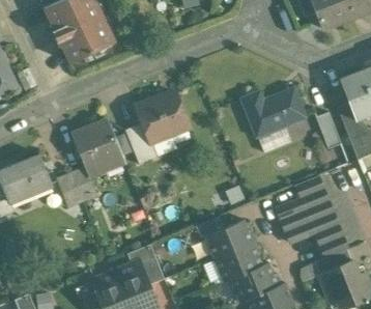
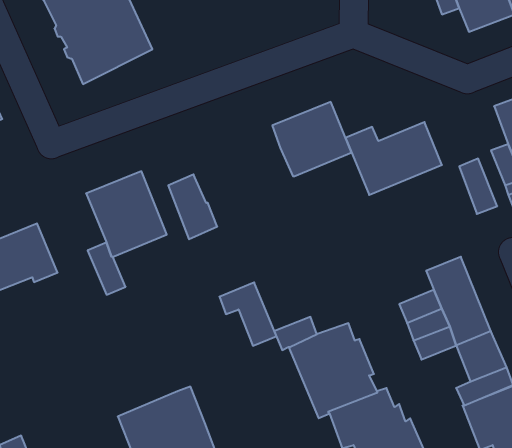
building: [137,92,189,141] -> [272,102,351,176]
building: [57,172,85,207] -> none
building: [127,244,165,285] -> [219,282,276,346]

